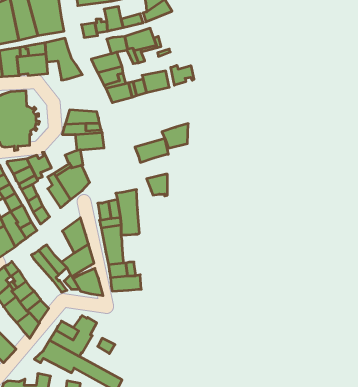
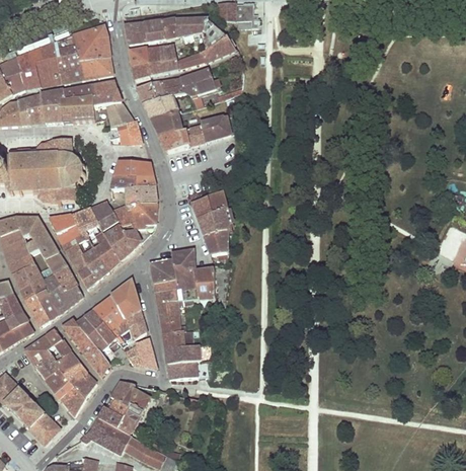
building: none -> [130,48,160,65]
building: none -> [137,81,165,103]
building: [171,65,194,85] -> none
building: none -> [108,120,140,143]
building: [162,124,188,148] -> [198,210,227,237]
building: none -> [90,201,116,228]
building: none -> [131,203,157,228]
building: none -> [82,247,108,280]
building: none -> [195,269,215,298]
building: none -> [93,297,124,330]
building: none -> [62,318,109,375]
building: none -> [166,361,204,379]

